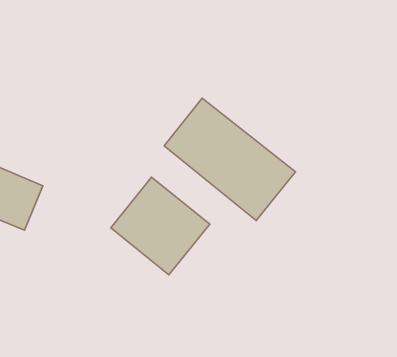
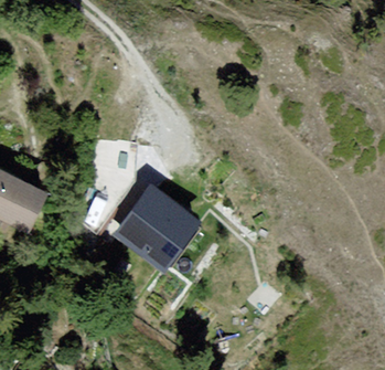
building: [164,98,295,220] -> none

